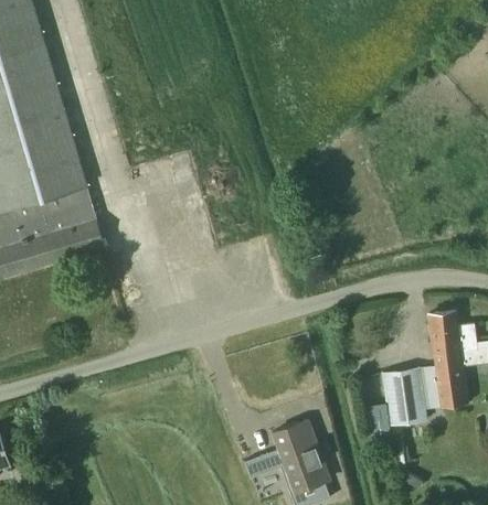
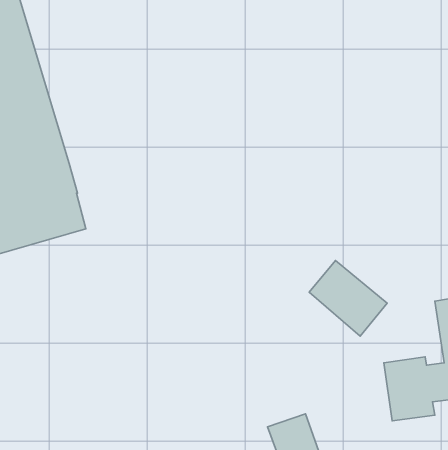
building: none -> [309,260,387,336]

